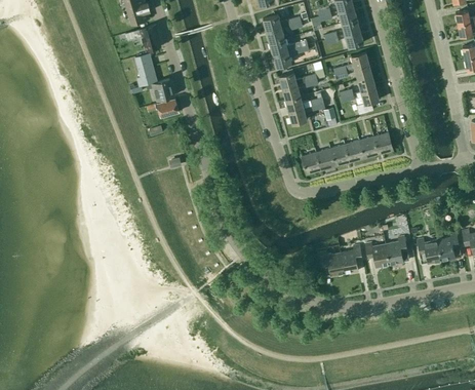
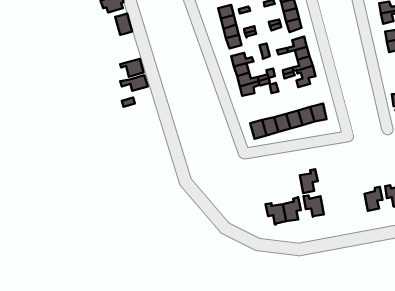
building: [134,53,156,86] -> none
building: [385,236,406,265] -> [300,169,318,193]
building: [417,238,441,265] -> none

